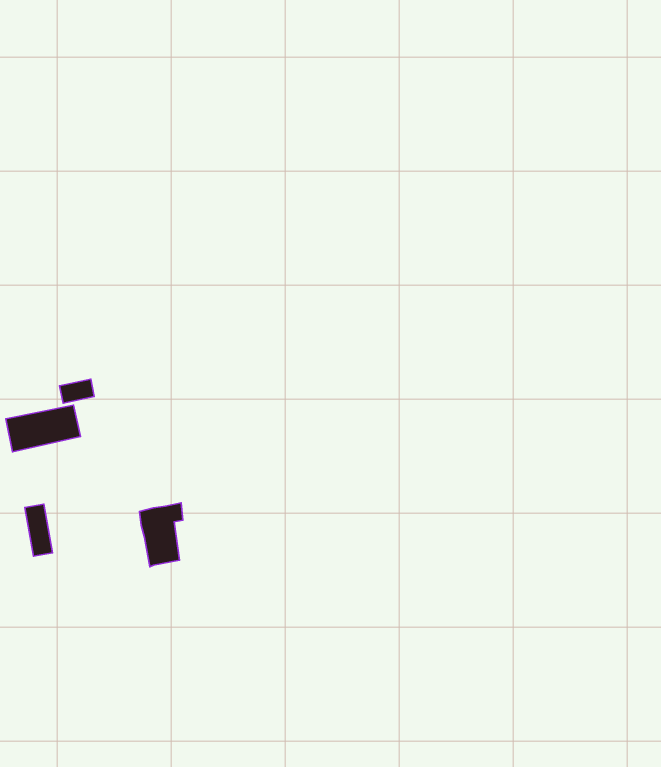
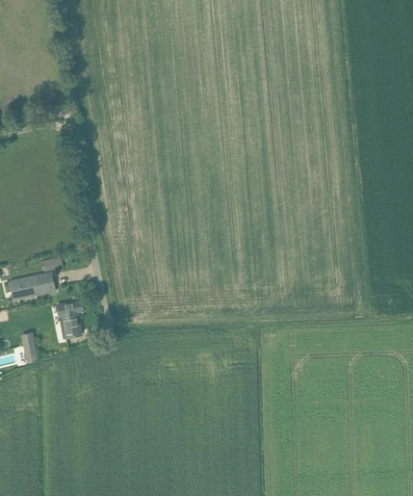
building: [139,503,183,567] -> [57,299,83,338]

